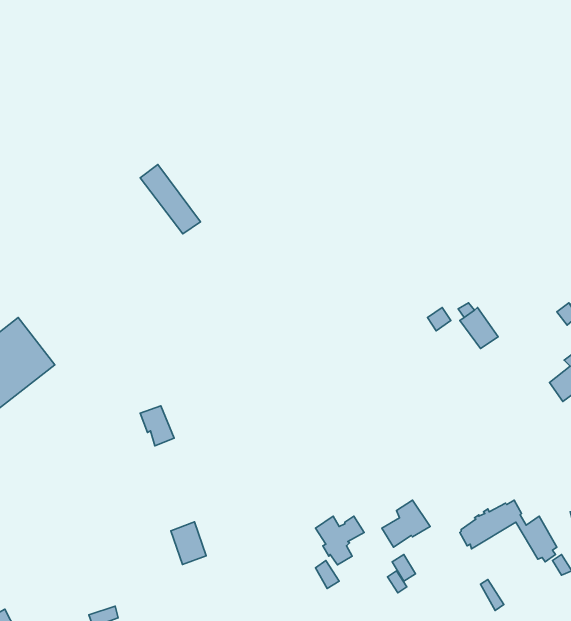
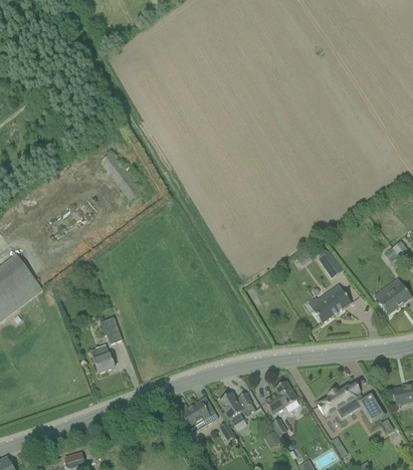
building: none -> [313,284,352,322]
building: [171,522,206,565] -> [90,343,115,373]
building: none -> [181,401,218,427]

